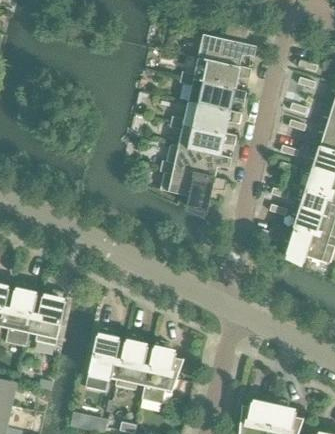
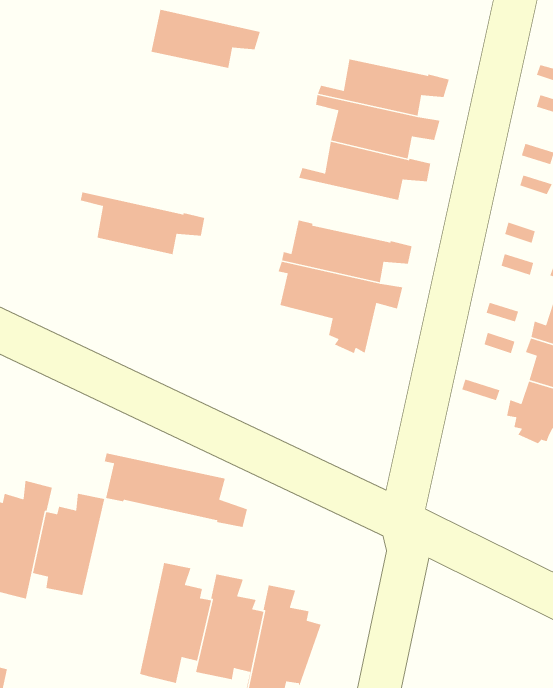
building: [197,35,256,67] -> [150,9,261,69]
building: [169,122,236,156] -> [80,191,205,255]
building: none -> [104,452,248,528]

